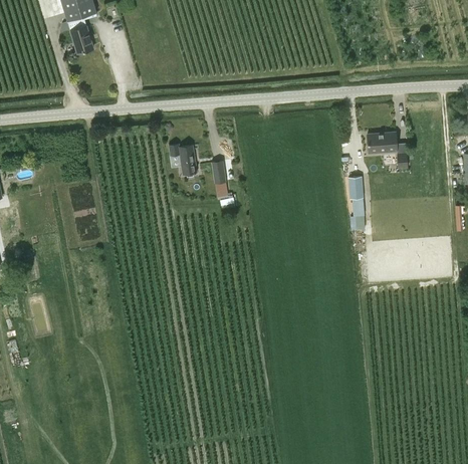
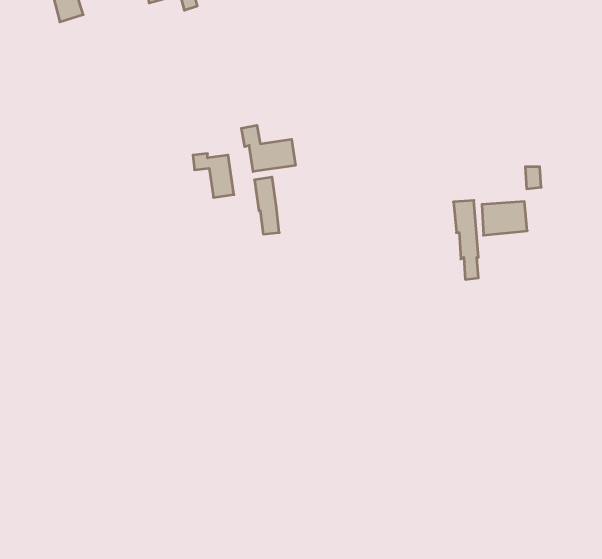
building: none -> [241,125,295,172]
building: [367,131,398,154] -> [482,202,527,235]

